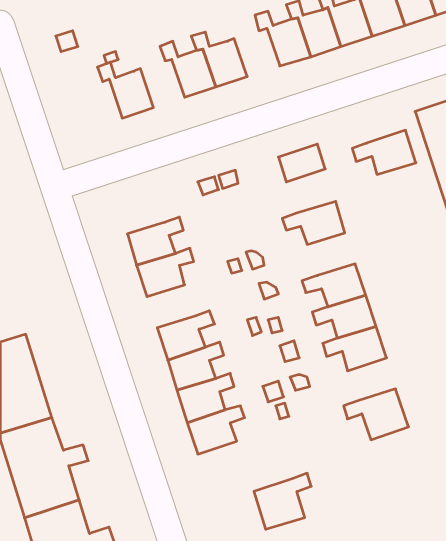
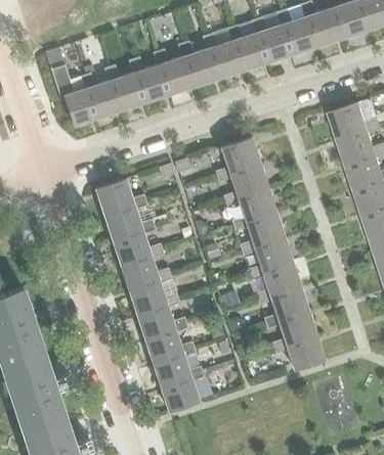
building: none -> [177,42,222,85]
building: none -> [104,65,147,109]
building: none -> [52,70,98,126]
building: [352,130,416,174] -> [216,157,266,192]
building: none -> [95,180,132,209]
building: none -> [231,208,282,241]
building: none -> [118,244,163,282]
building: none -> [264,306,313,339]
building: [254,473,311,529] -> [158,367,203,411]

